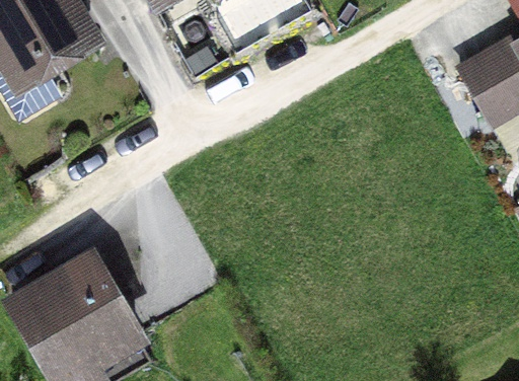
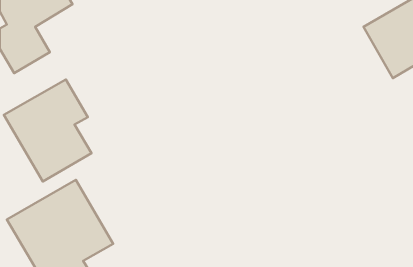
building: none -> [4,80,91,182]

